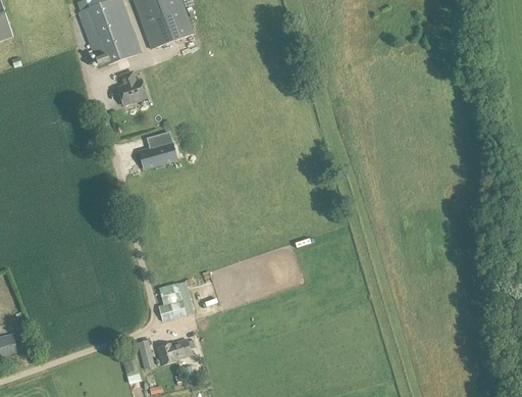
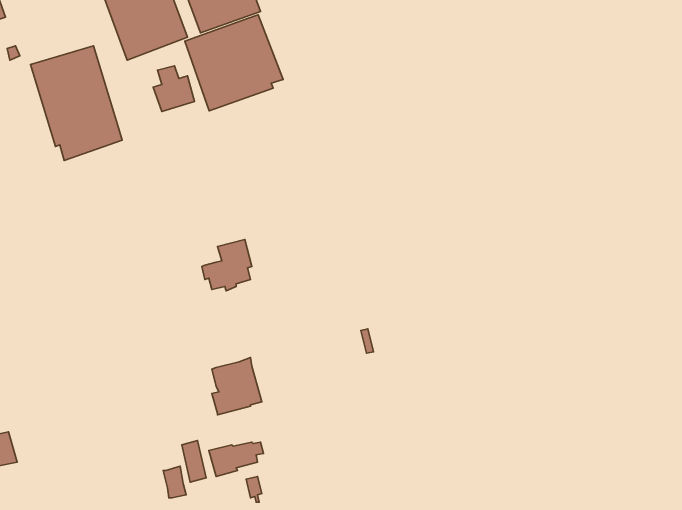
building: none -> [185,15,283,111]
building: none -> [31,46,122,160]
building: [139,132,174,168] -> [202,239,252,291]

